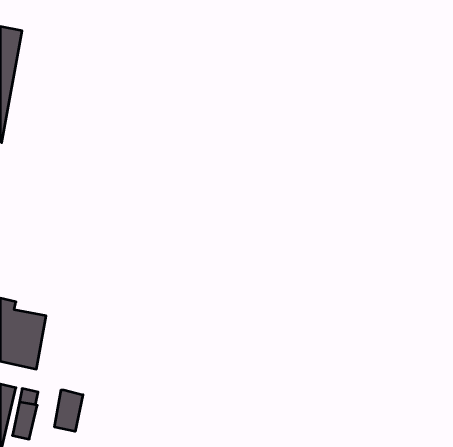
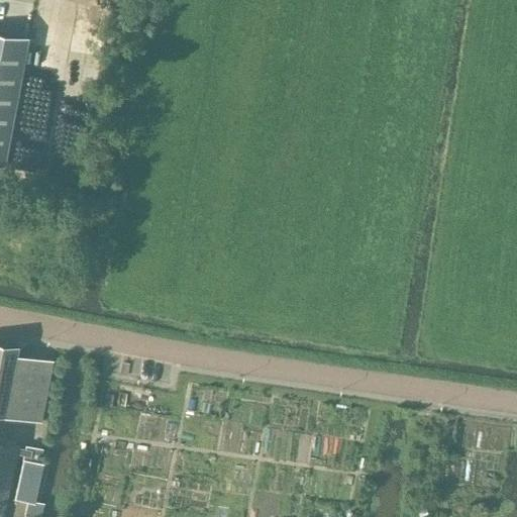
building: [55,390,83,431] -> none

